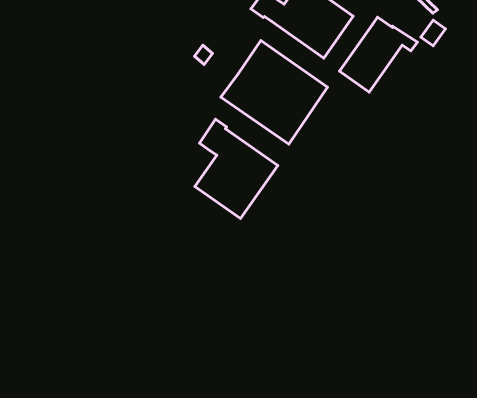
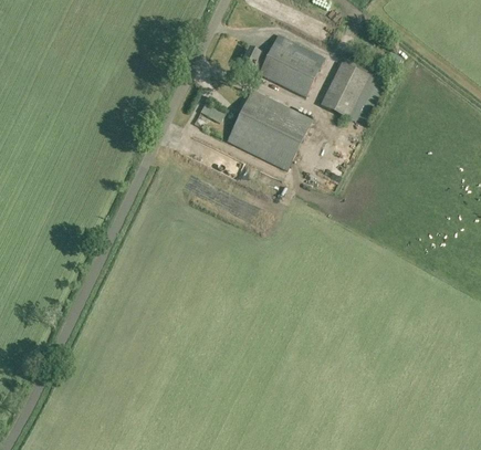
building: [195,119,278,219] -> none

